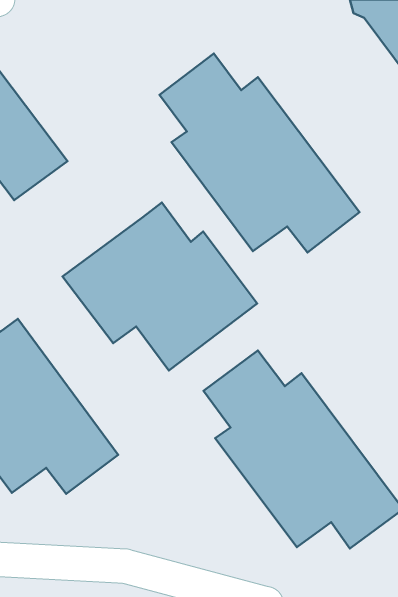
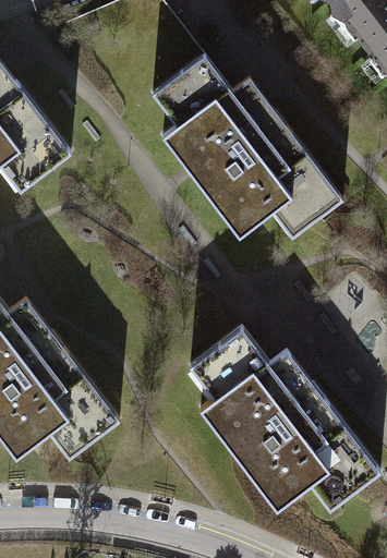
building: [63,202,257,370] -> none

